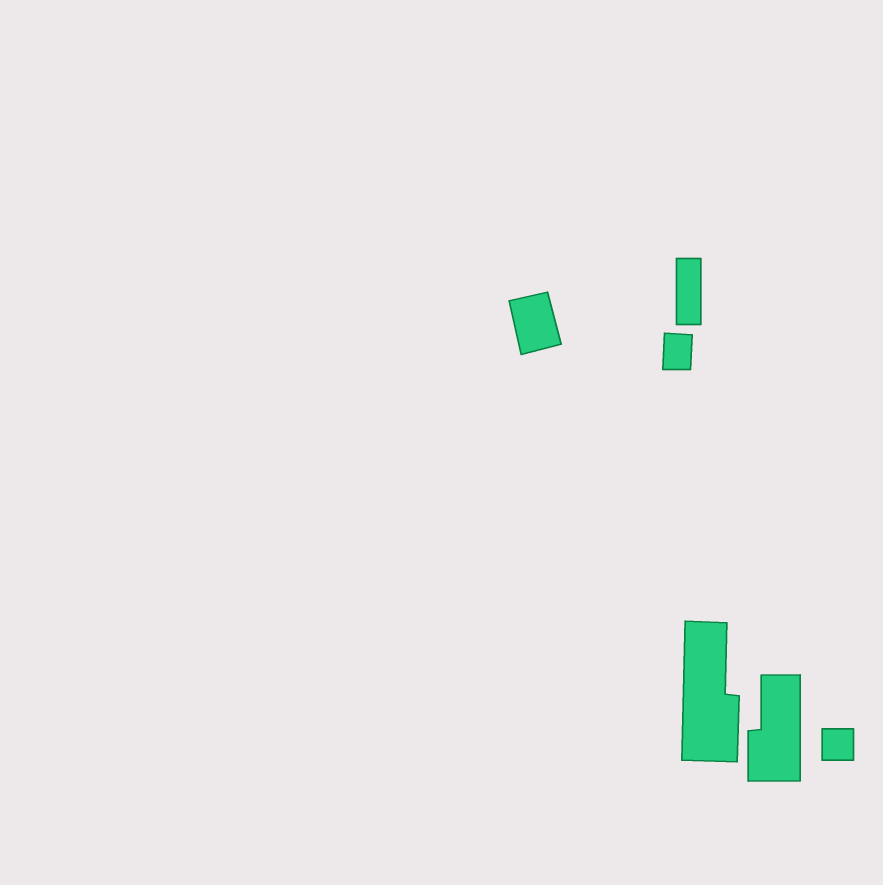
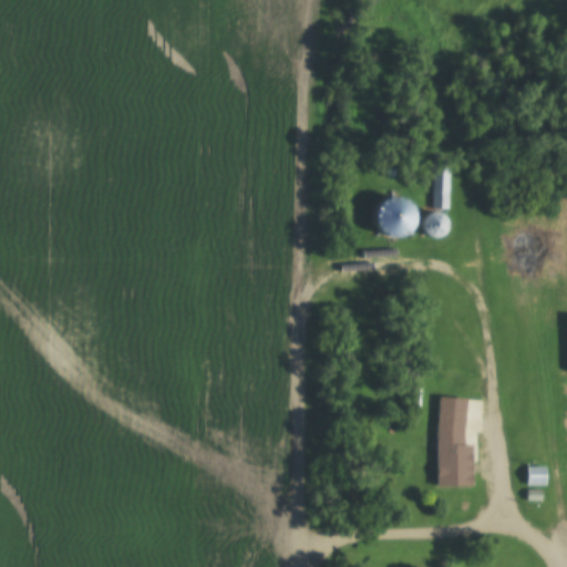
building: [509,292,561,355] -> [380,197,413,237]
building: [748,675,800,781] -> none

